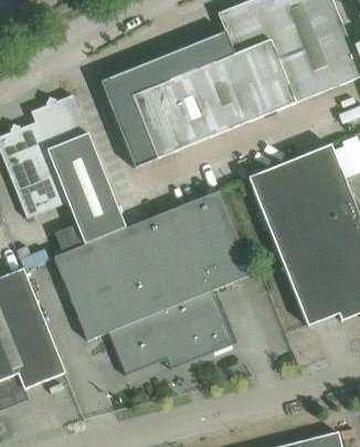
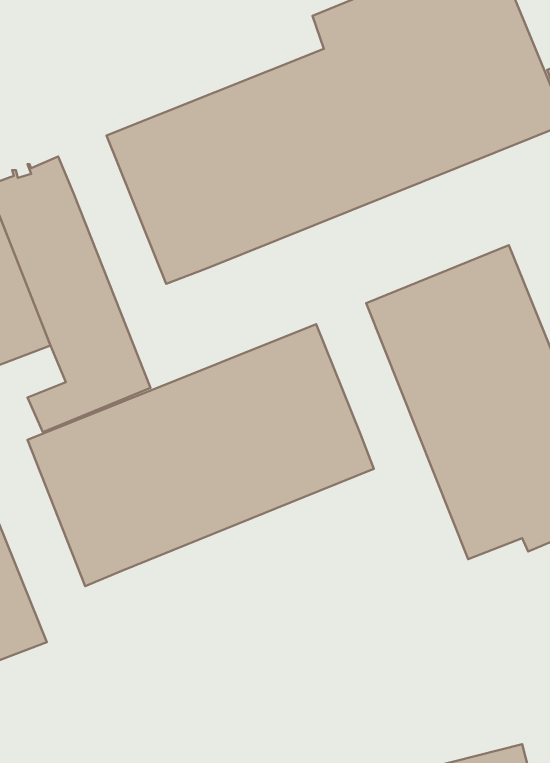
building: [108,290,233,375] -> none

